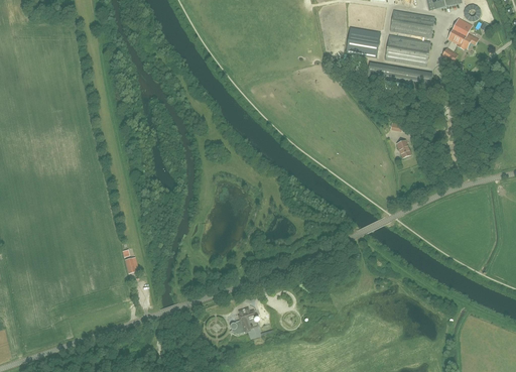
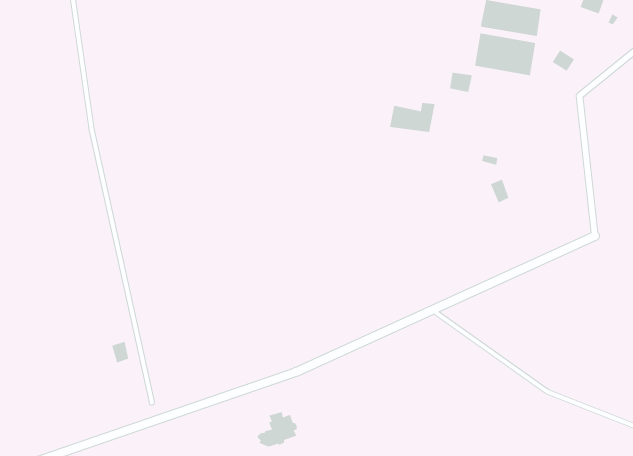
building: [448,16,479,47] -> none
building: [347,33,380,55] -> [389,102,436,133]

